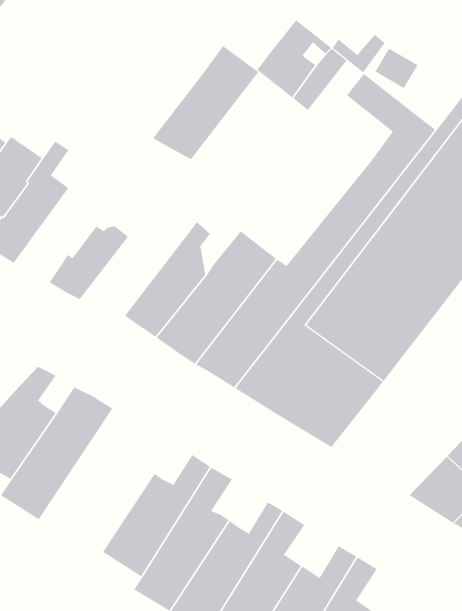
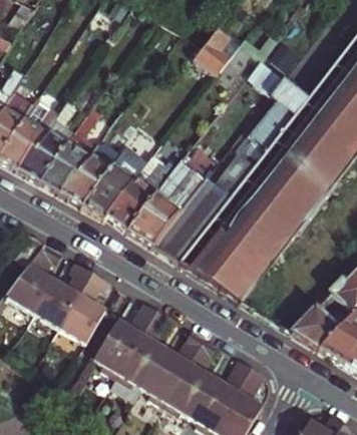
building: [152,45,259,160] -> [80,144,148,217]
building: none -> [38,107,97,192]
building: none -> [54,273,115,355]

